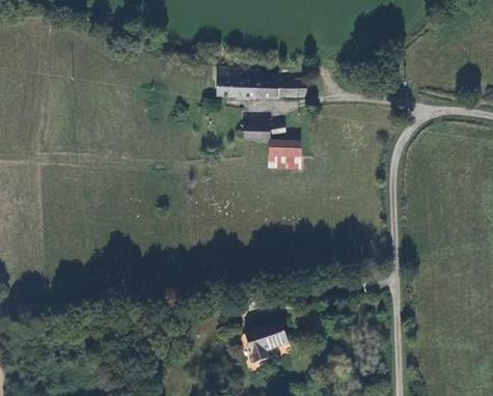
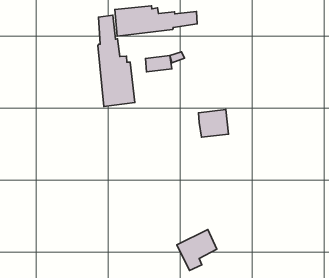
building: none -> [98,15,135,107]
building: [269,141,300,169] -> [199,110,229,137]

